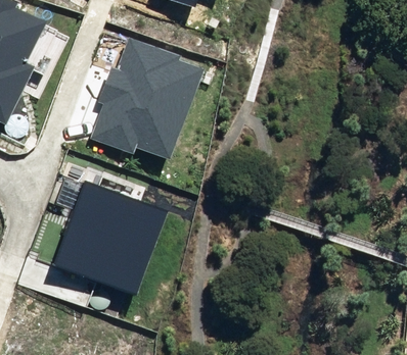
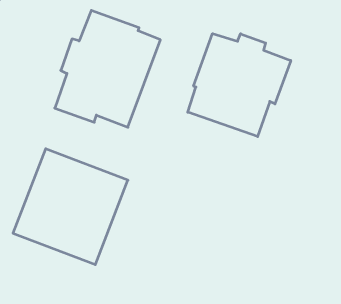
building: none -> [188,34,291,137]

